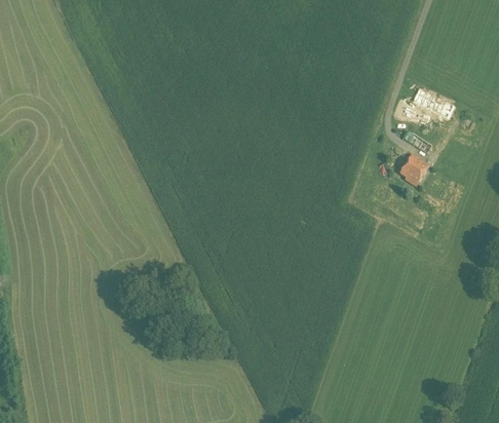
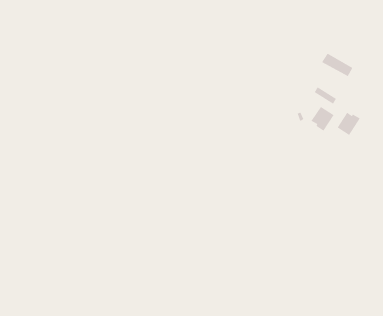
building: none -> [337,112,361,136]

